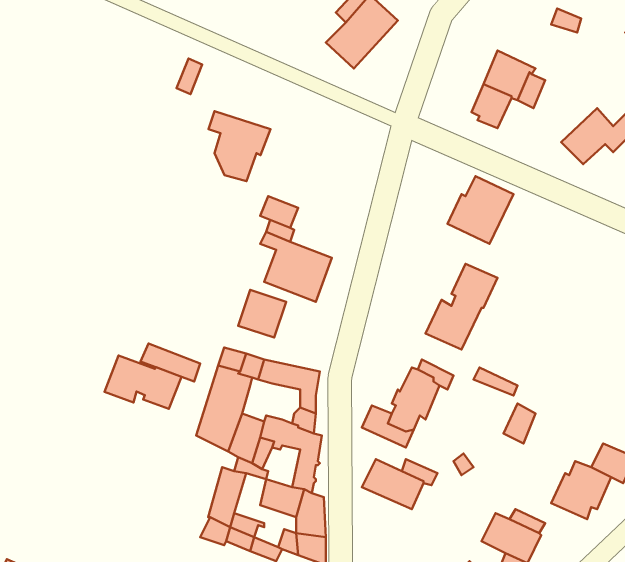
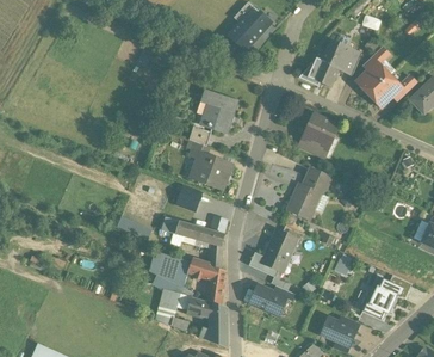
building: none -> [355,47,389,94]
building: [209,111,270,181] -> [200,91,237,133]
building: [104,356,182,409] -> none

